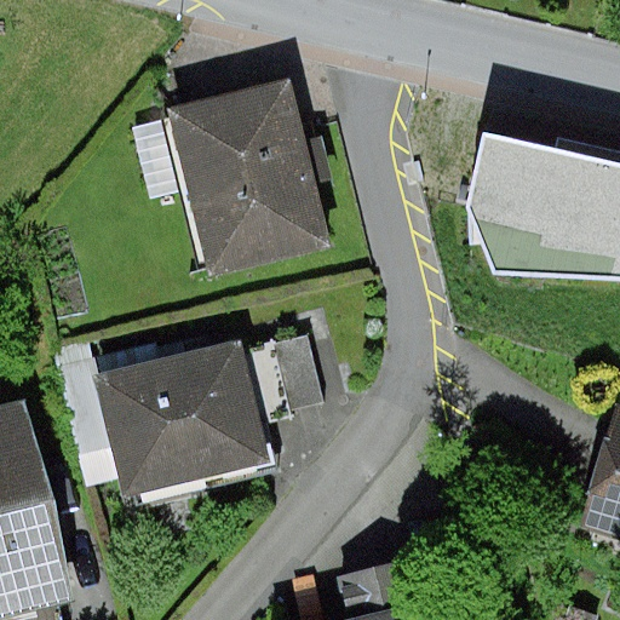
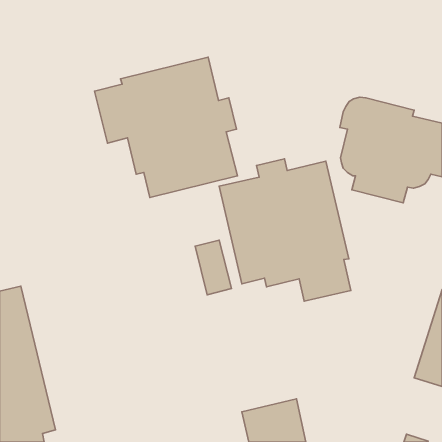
building: none -> [219,159,351,301]
building: [54,338,272,500] -> none

